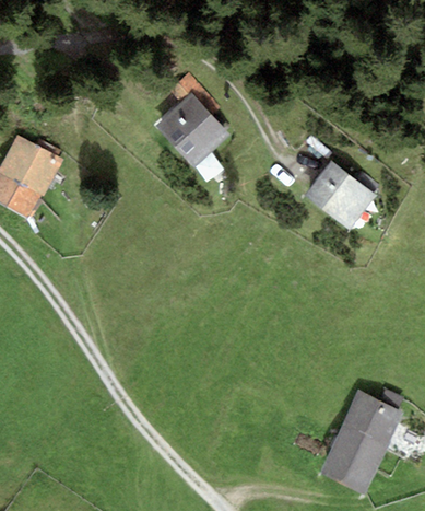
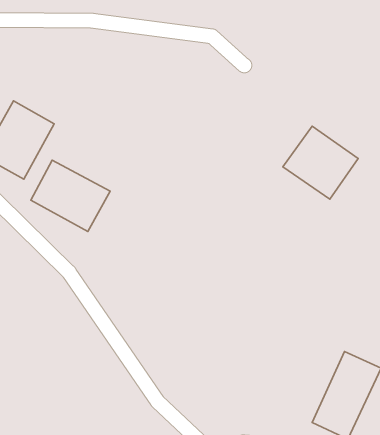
building: [155,93,233,171] -> none
building: none -> [31,160,110,232]

